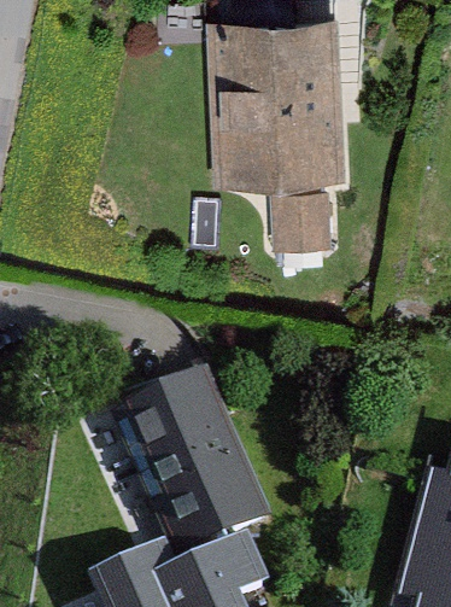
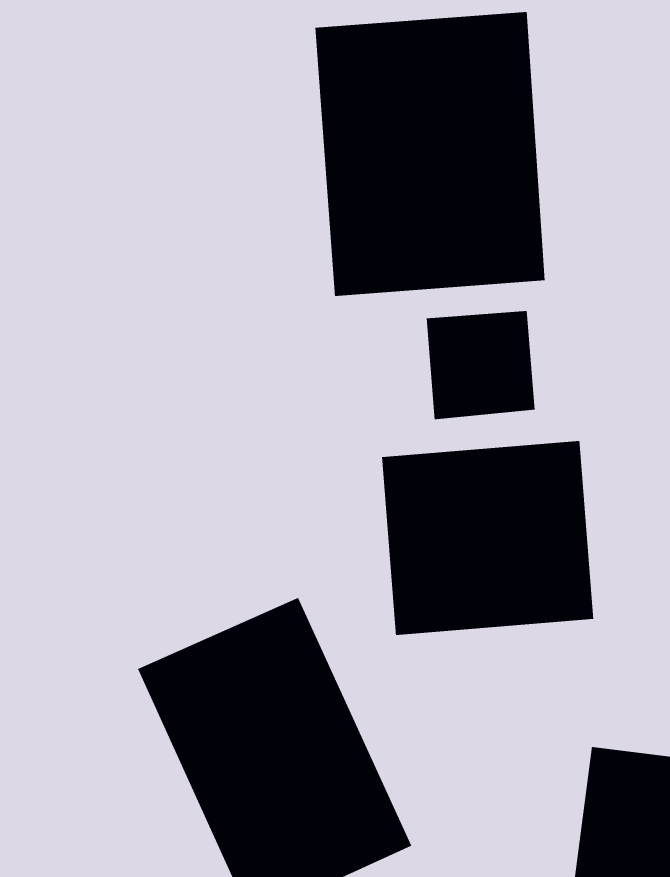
building: none -> [381,440,594,636]

